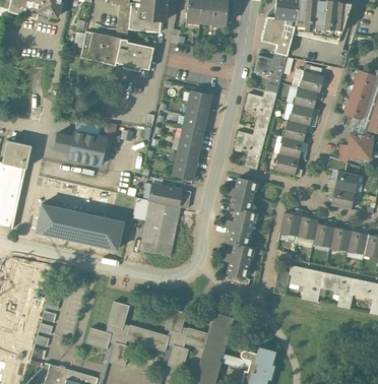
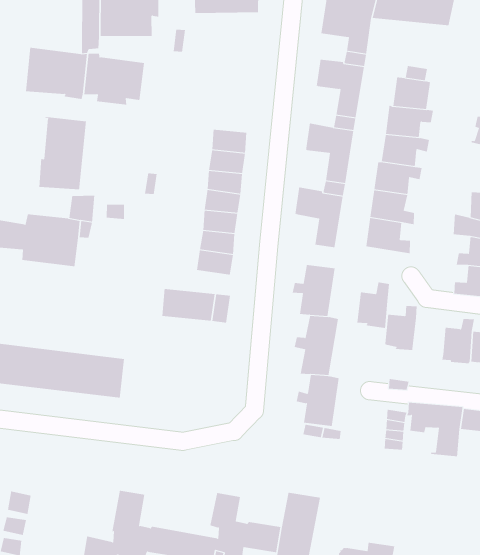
building: none -> [39,116,87,190]
building: [132,205,184,265] -> none
building: [297,211,319,240] -> [356,282,390,328]

